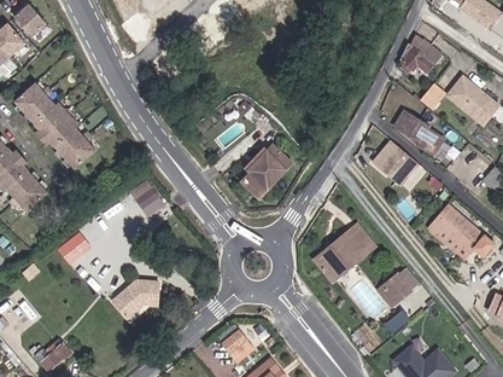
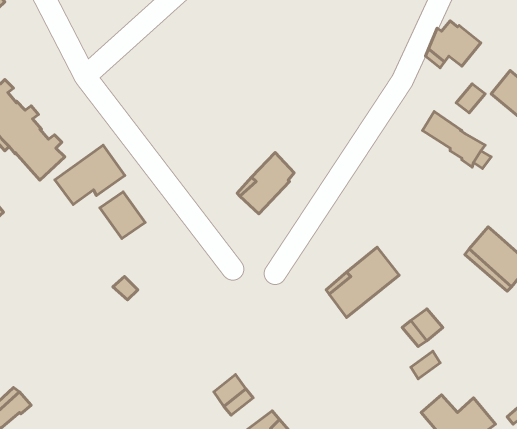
building: none -> [55,145,125,204]
building: [372,139,419,185] -> none
building: [57,231,92,262] -> none
building: [107,279,154,317] -> none

